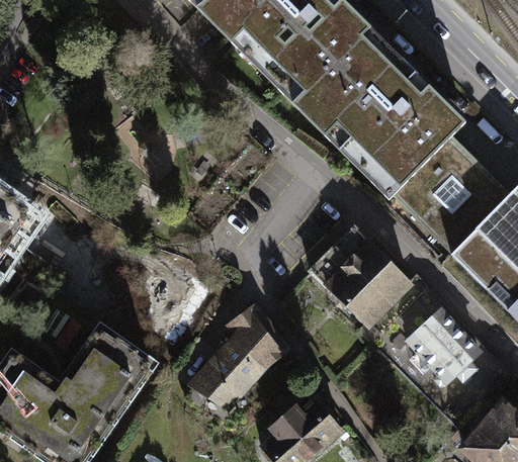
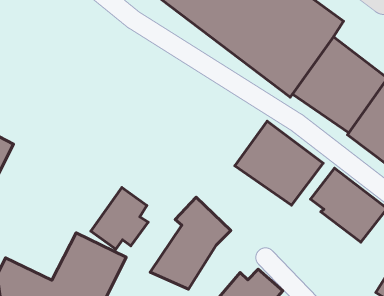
building: none -> [91,187,148,249]

